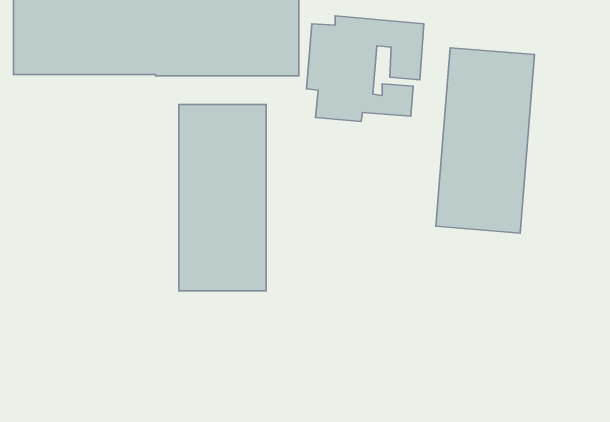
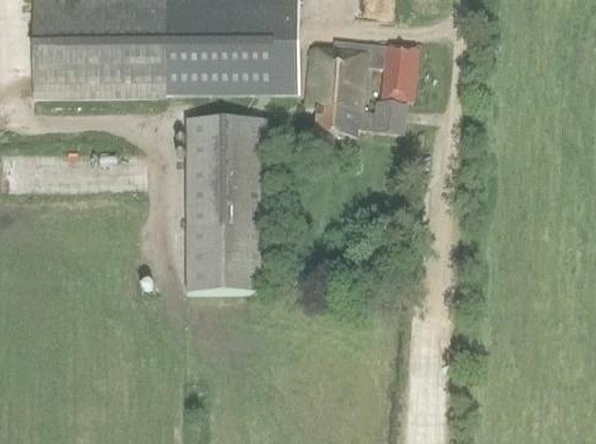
building: [436,48,534,233] -> none

